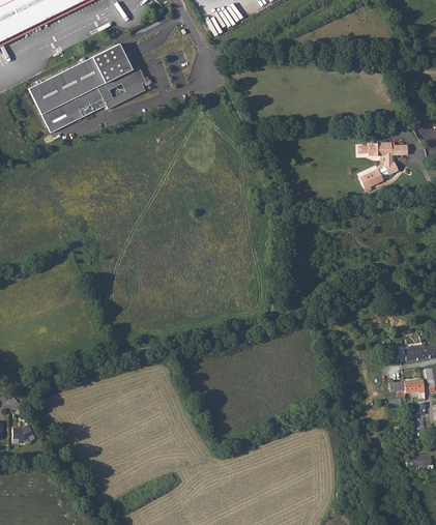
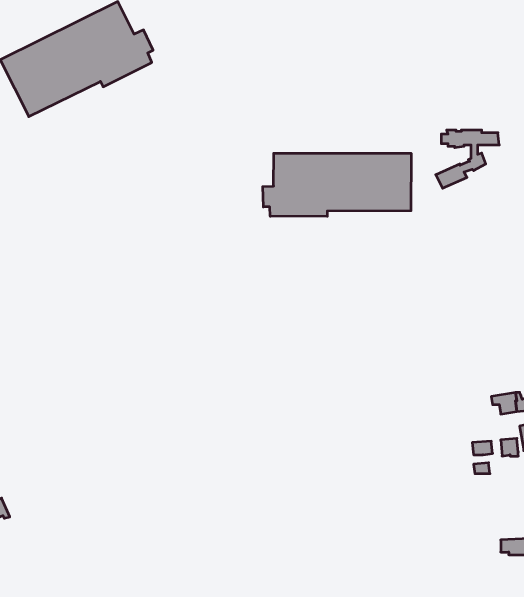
building: none -> [263,153,411,216]

